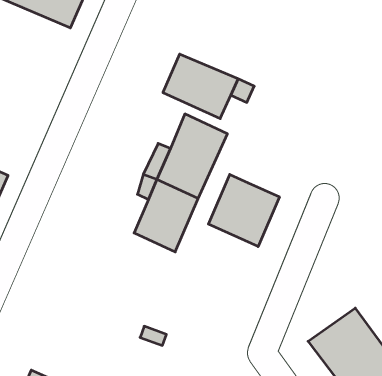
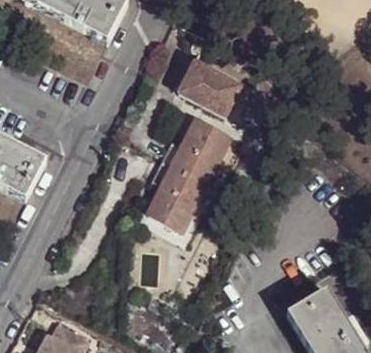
building: [208,174,279,247] -> none

